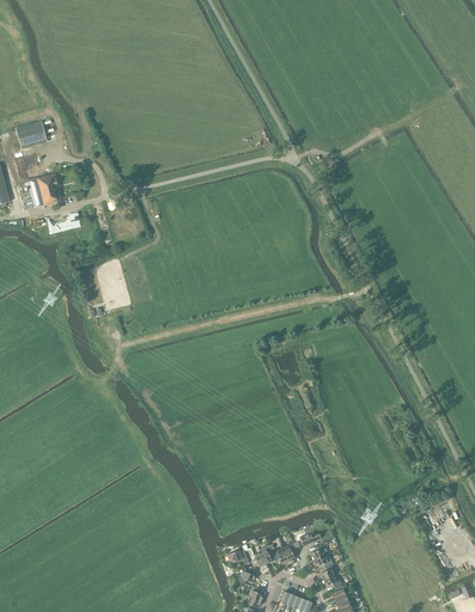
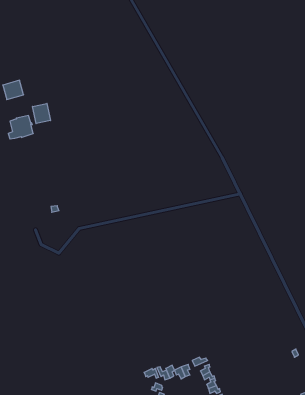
building: none -> [33,103,50,124]

